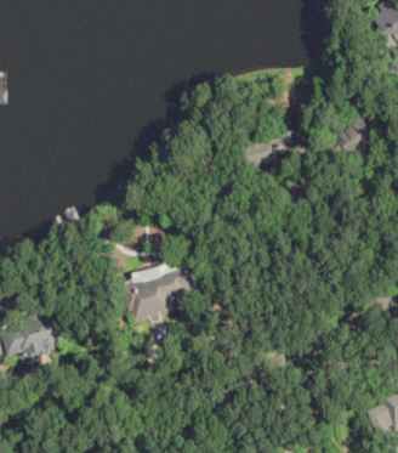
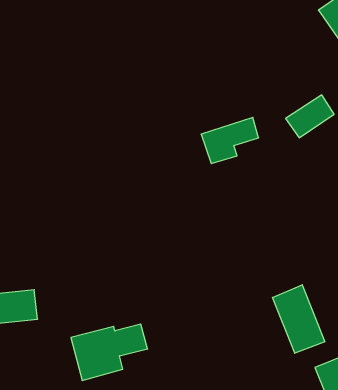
building: [119,266,201,327] -> [71,324,148,380]
building: none -> [273,285,325,353]

